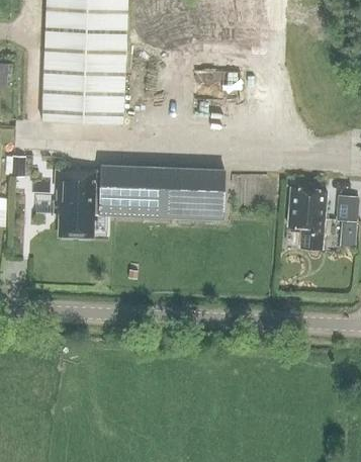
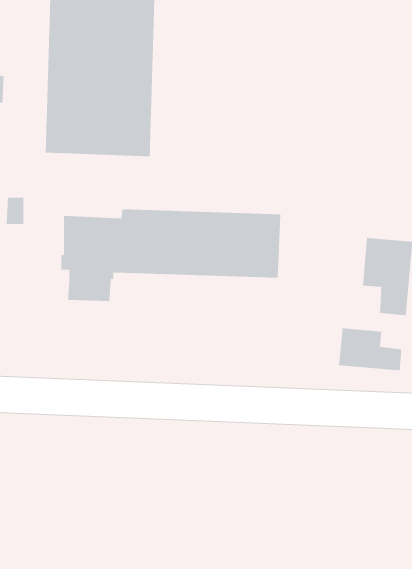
building: none -> [339,328,402,371]

